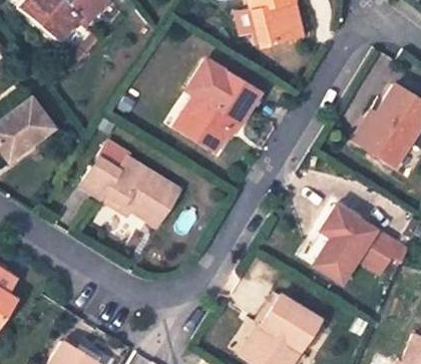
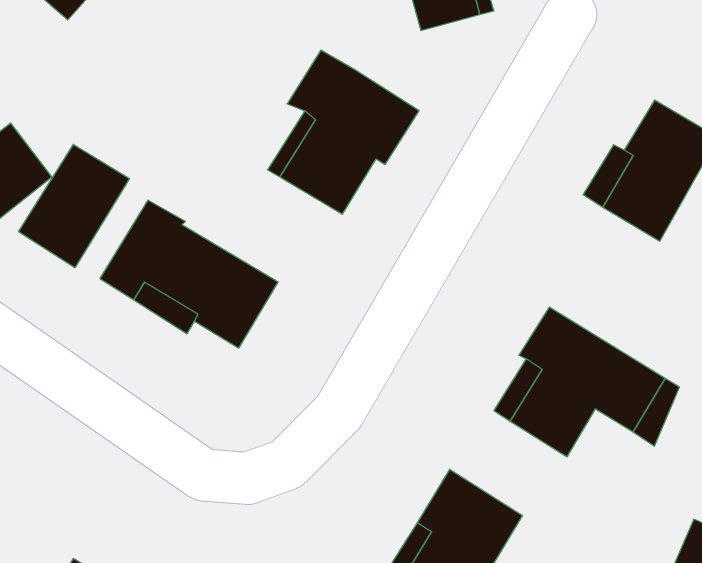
building: none -> [19,144,129,268]

